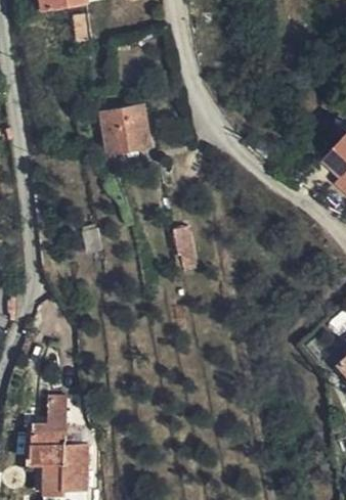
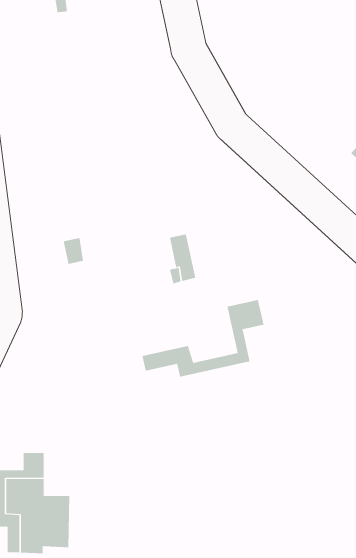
building: [101,105,147,150] -> none
building: none -> [142,299,264,377]

